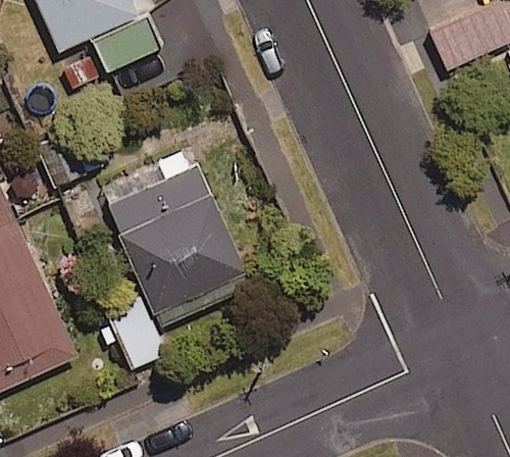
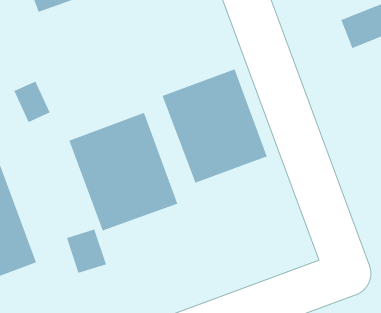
building: none -> [162,69,268,184]

